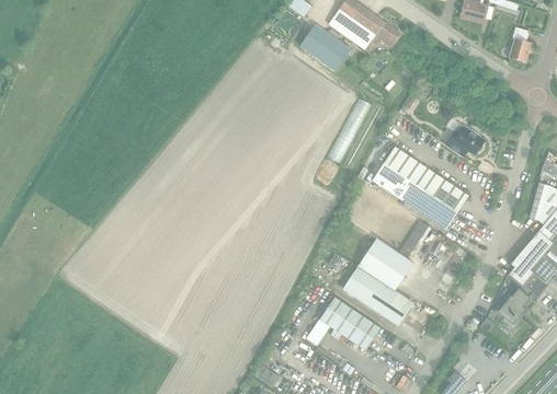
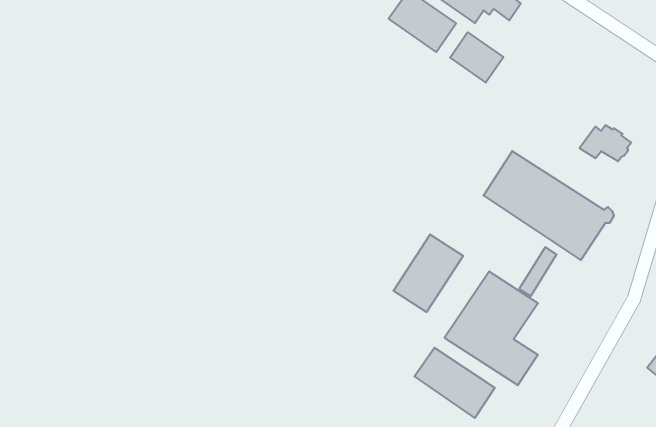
building: none -> [450,32,503,83]
building: none -> [394,234,463,312]

